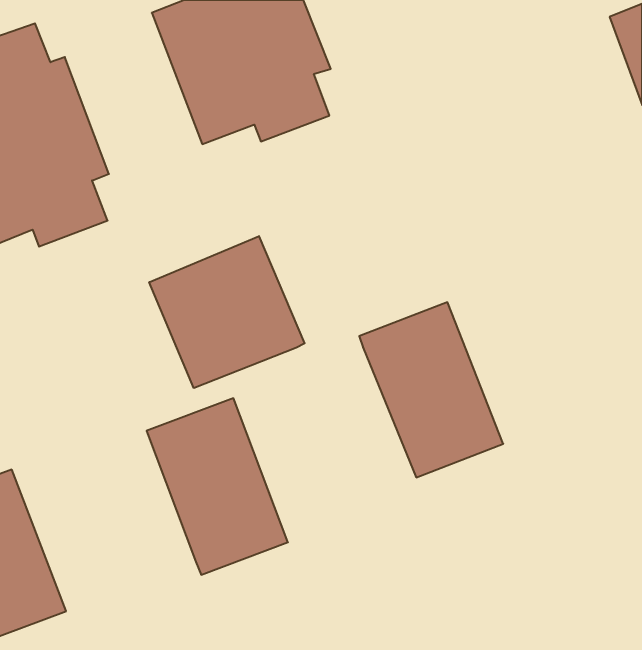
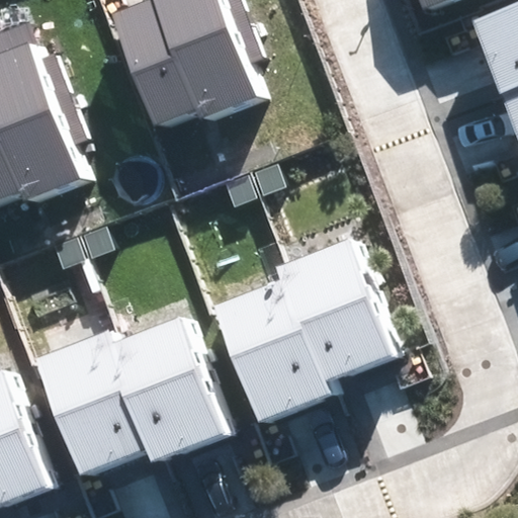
building: [149,236,305,388] -> none
building: none -> [217,281,330,420]
building: none -> [42,336,153,473]

